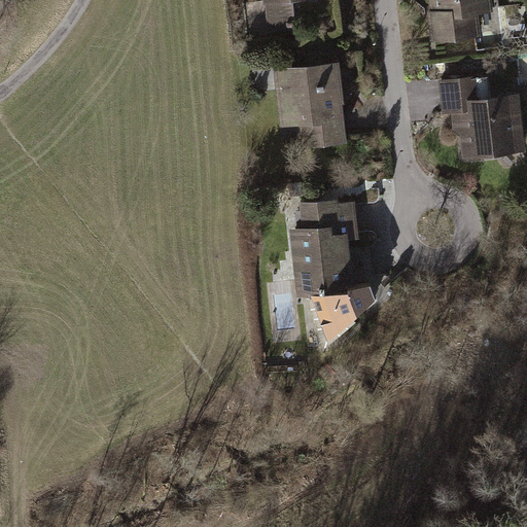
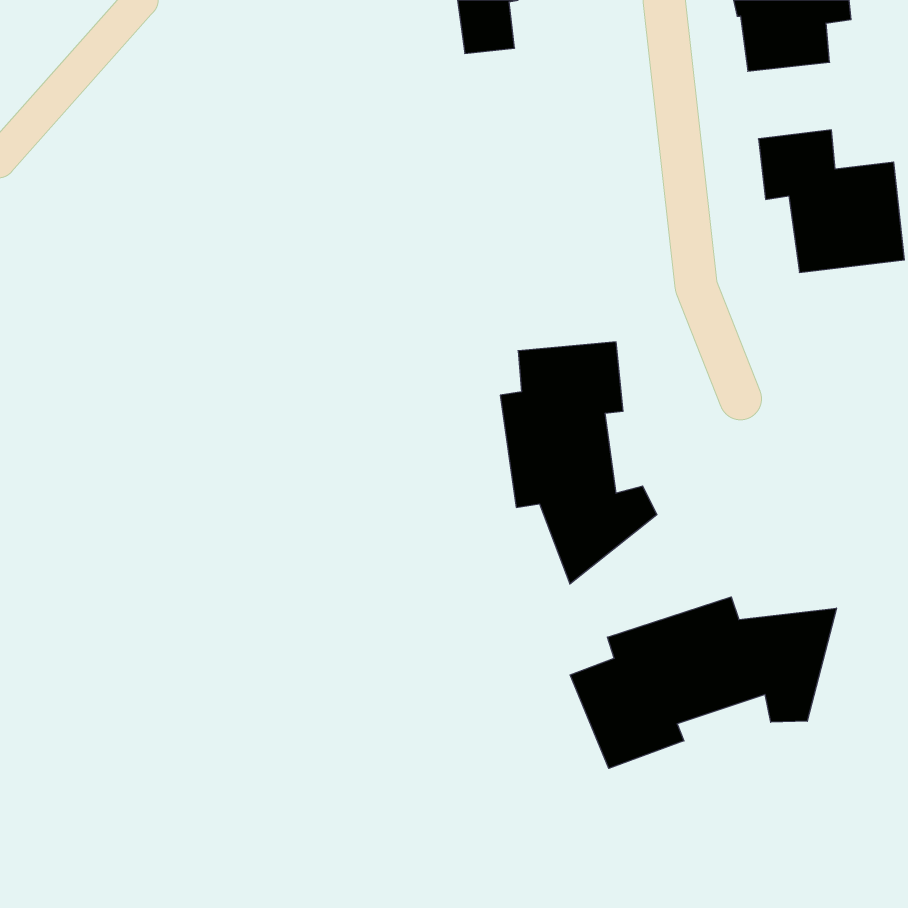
building: [273,62,348,146] -> none
building: none -> [570,597,836,768]

